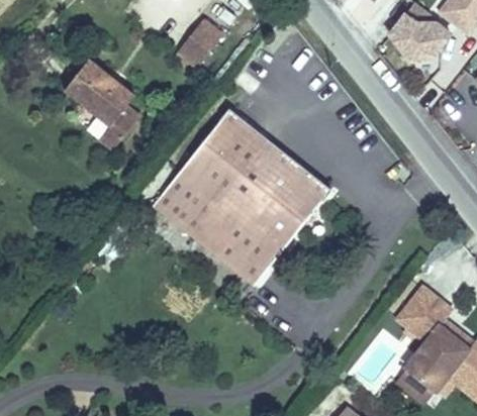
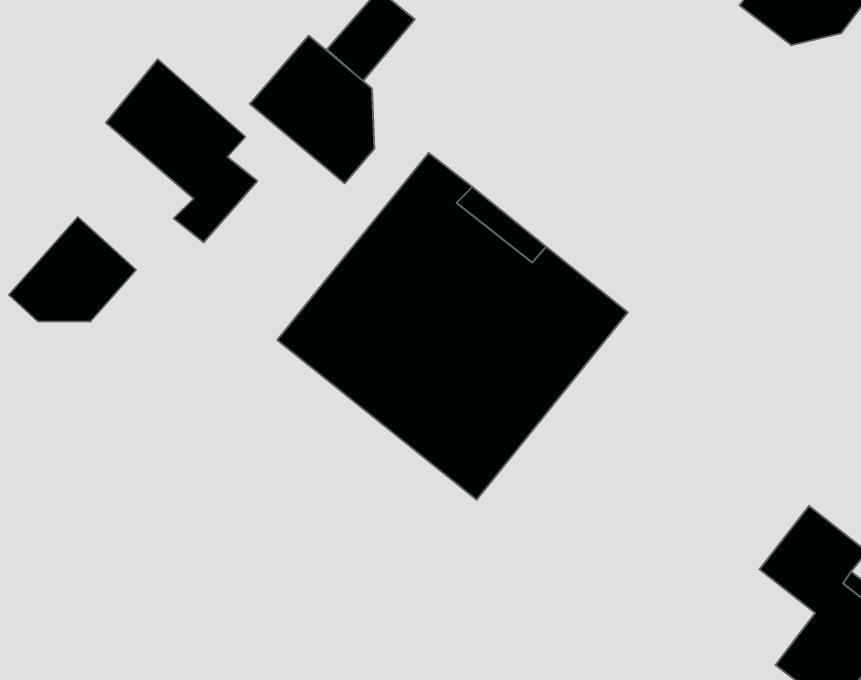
building: none -> [250,36,374,183]
building: none -> [9,217,136,322]

